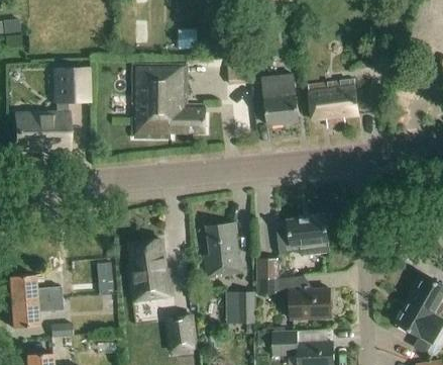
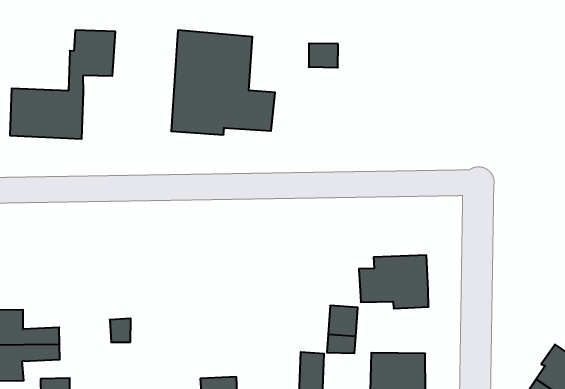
building: [262,74,299,122] -> none
building: [309,77,358,125] -> none
building: [206,221,243,276] -> none
building: [130,240,177,303] -> none

